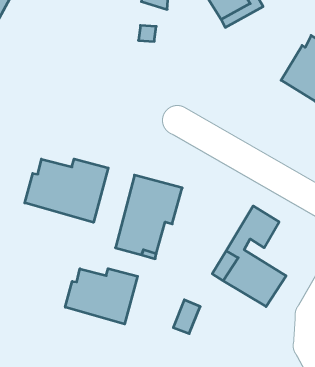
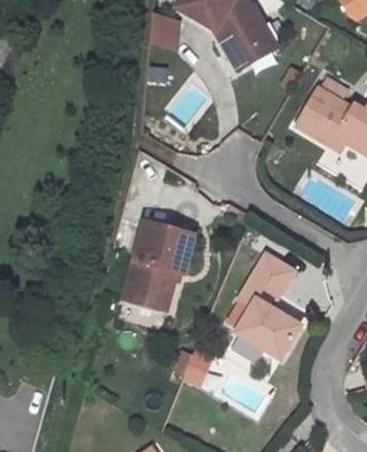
building: [25,159,108,222] -> none
building: [65,269,138,324] -> none

